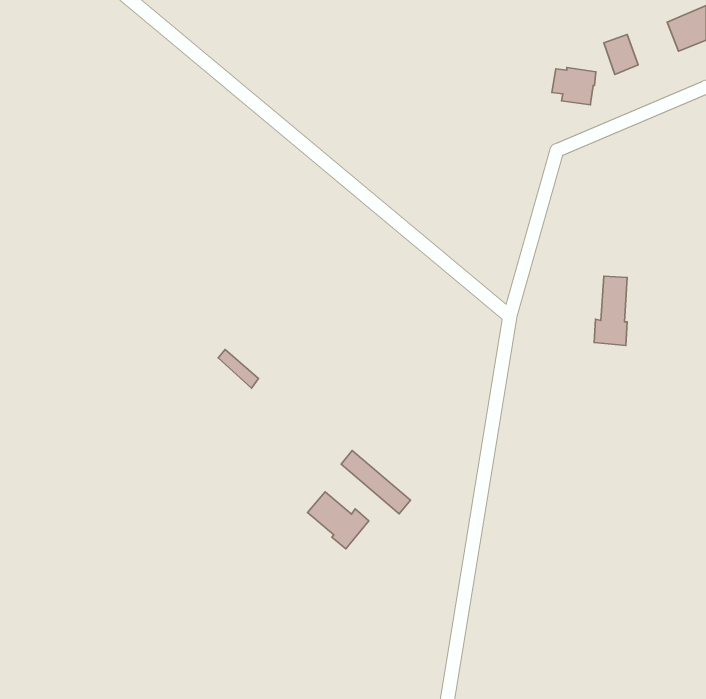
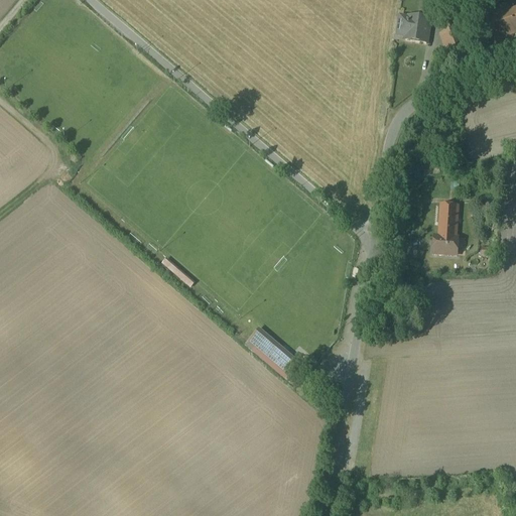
building: [552,68,596,105] -> [398,13,430,40]
building: [308,492,369,549] -> none

